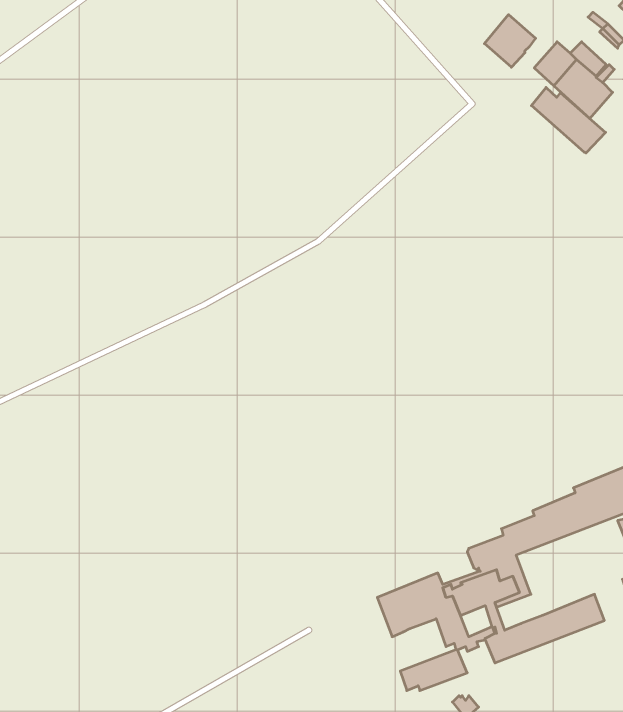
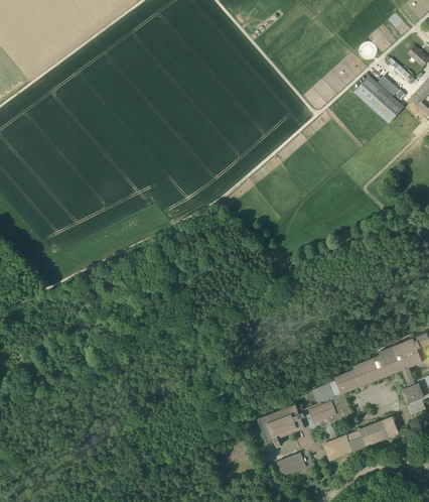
building: [484,15,536,67] -> none
building: [531,87,606,153] -> none

